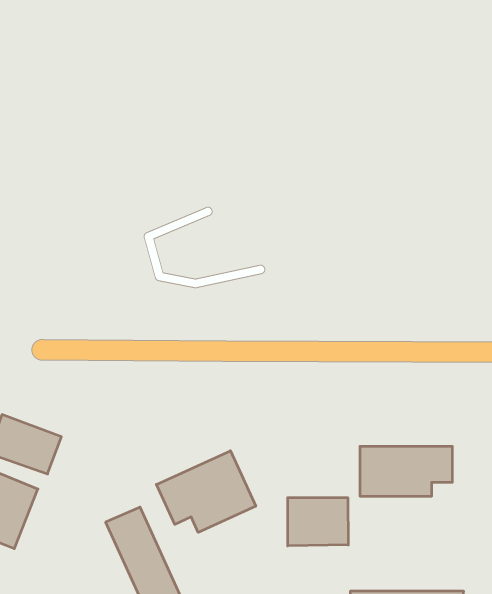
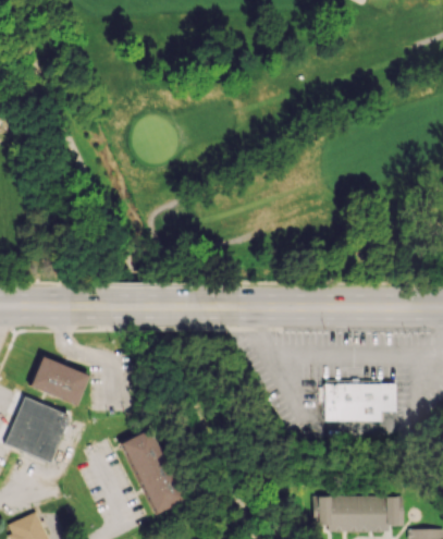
building: [156,451,256,532] -> none
building: [288,498,348,546] -> none

